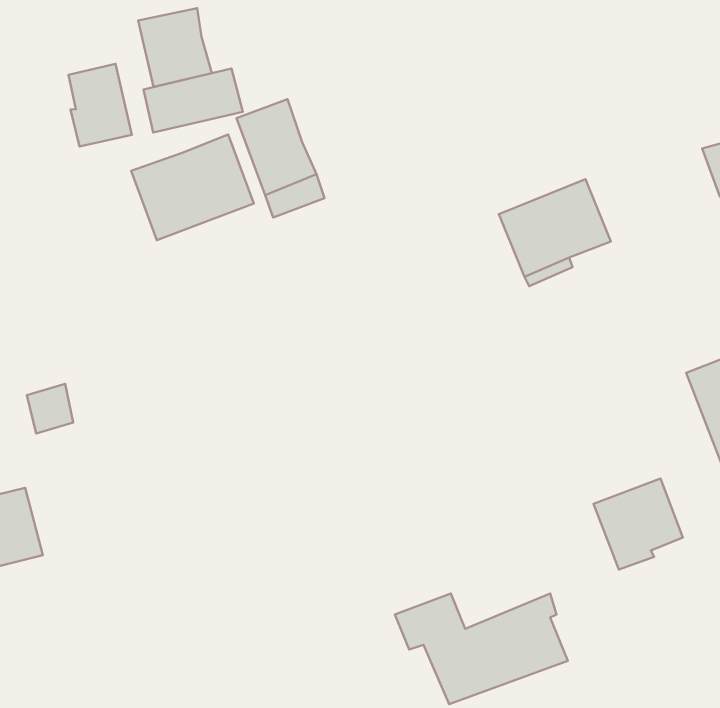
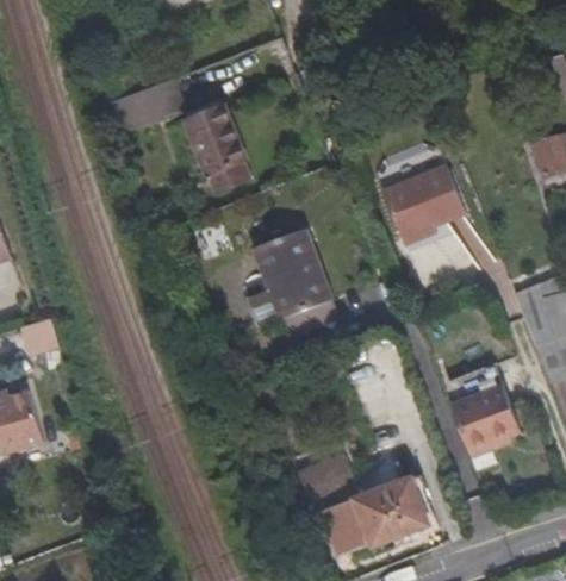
building: [138,8,212,87] -> none
building: [68,64,132,146] -> none
building: [131,134,254,240] -> none
building: none -> [254,232,335,321]

